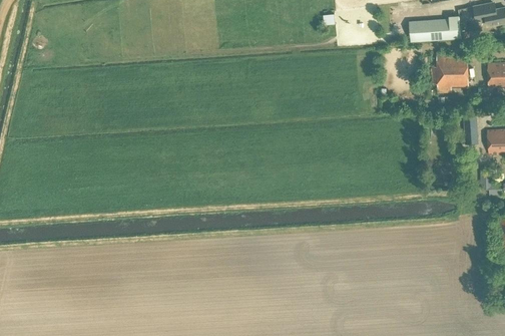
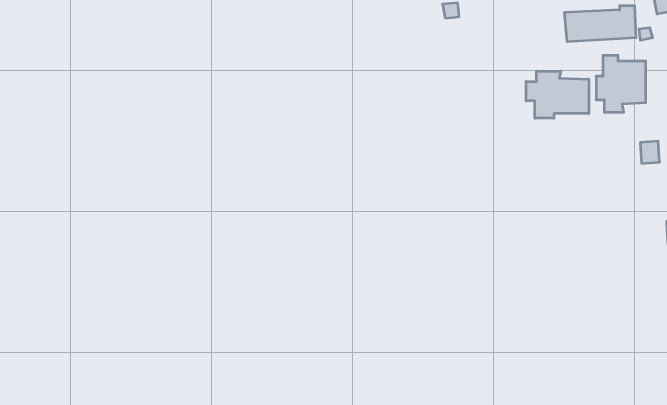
building: none -> [526,71,589,118]

